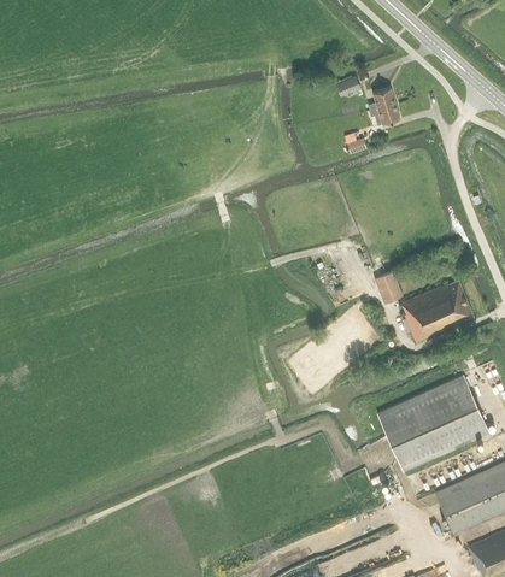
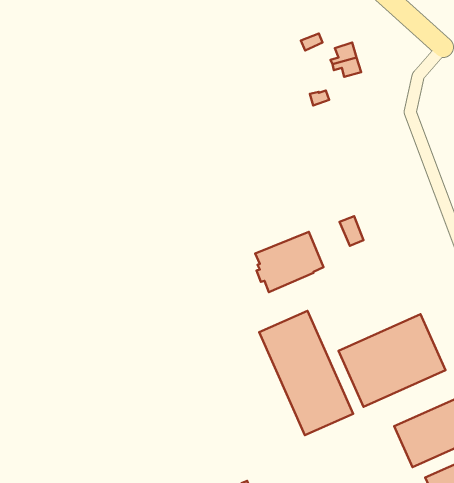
building: [400,278,472,342] -> [255,232,324,292]
building: none -> [259,311,353,435]

